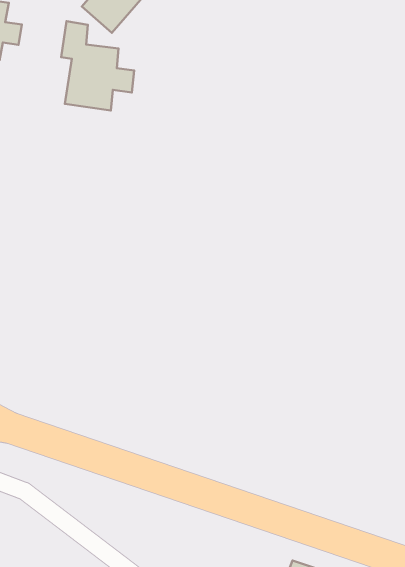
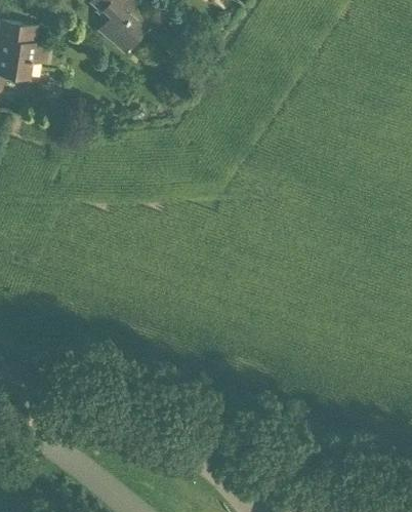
building: [61,21,134,110] -> none

